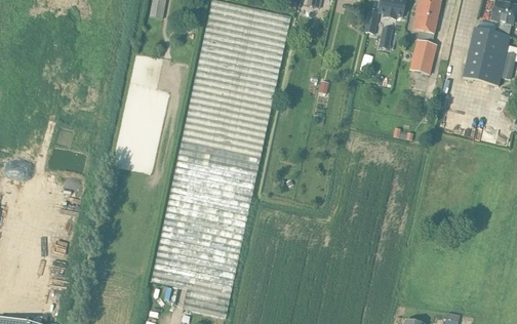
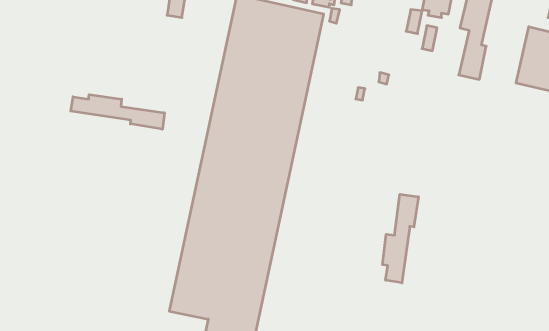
building: none -> [71,95,164,129]
building: none -> [383,194,418,283]

